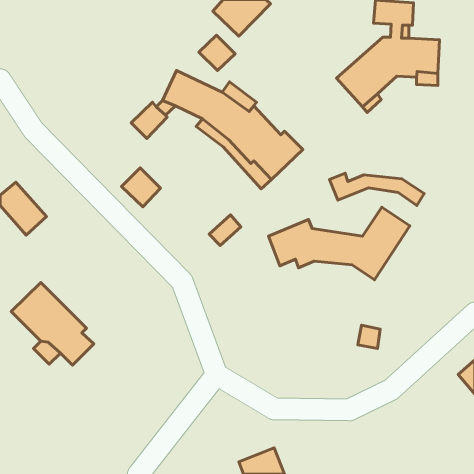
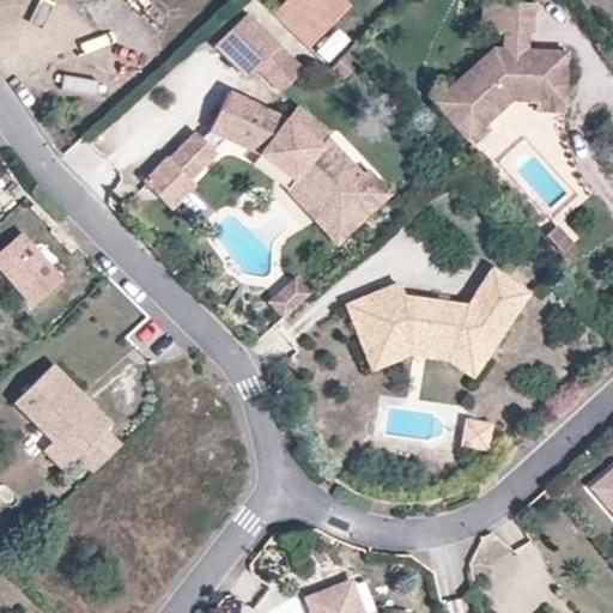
building: none -> [216,12,280,77]
building: [122,168,161,207] -> [145,157,195,207]
building: [329,173,424,206] -> [362,334,484,376]

